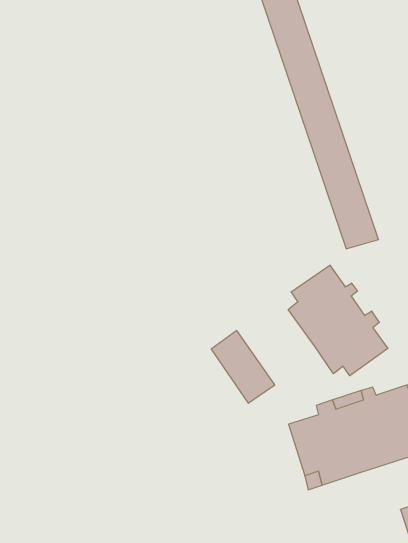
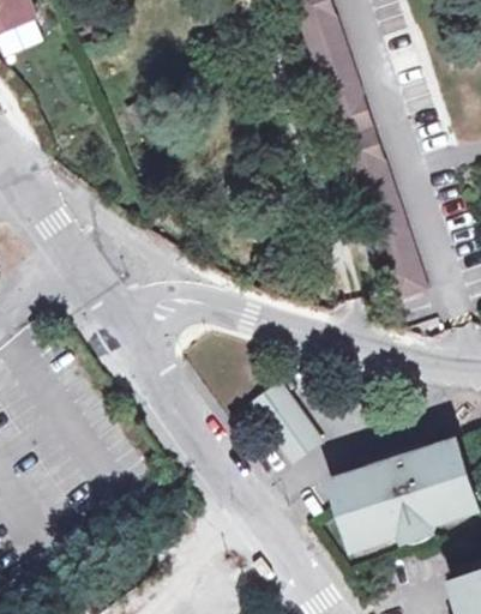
building: [288,265,388,376] -> none

